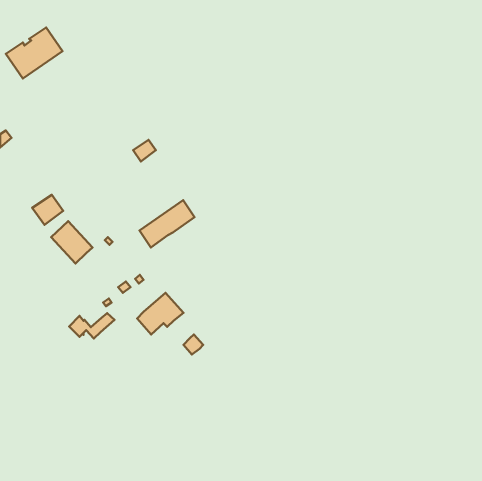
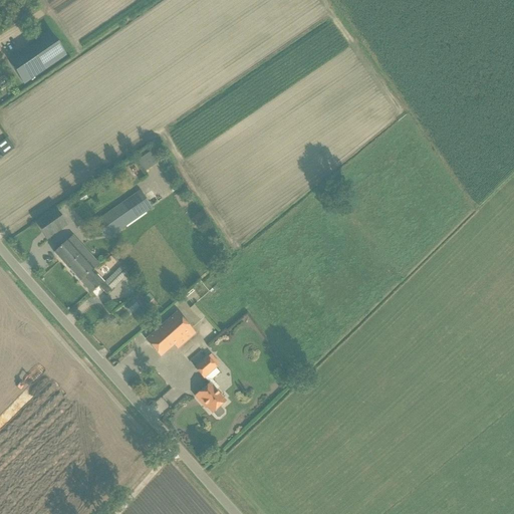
building: [140,200,194,247] -> [94,189,153,239]
building: [69,313,115,339] -> [81,266,130,293]
building: none -> [196,382,226,416]

